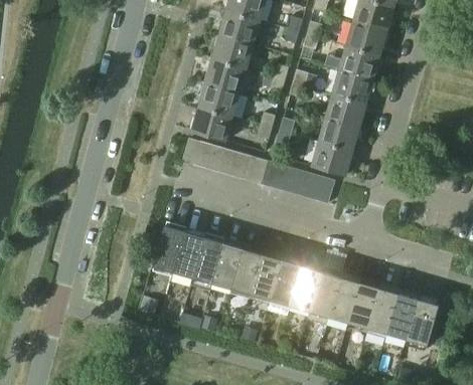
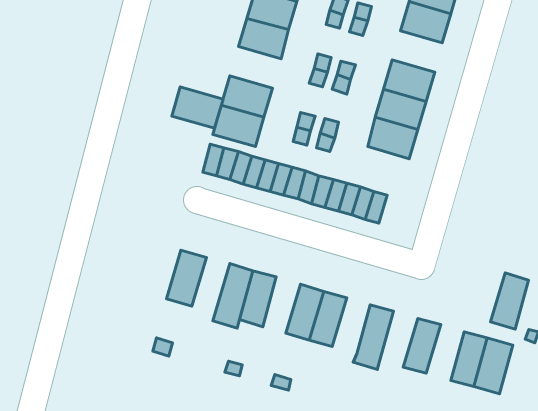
building: [338,45,379,79] -> none
building: [204,58,247,92] -> [172,87,223,128]
building: [311,141,352,176] -> none
building: [171,232,204,284] -> none
building: [231,248,263,295] -> none
building: [289,265,320,312] -> none
building: [326,276,359,330] -> none
building: [366,287,398,334] -> [491,273,528,329]

